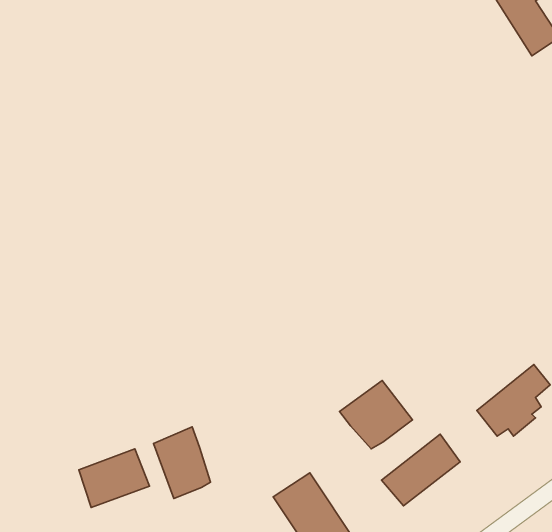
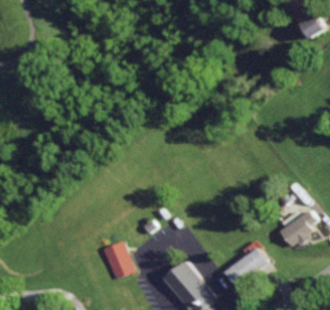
building: [339,381,413,449] -> none
building: [79,449,149,507] -> none

